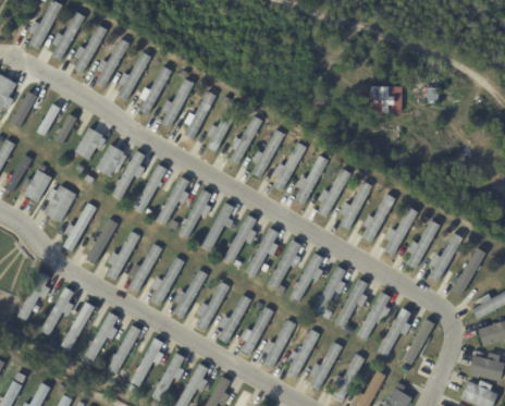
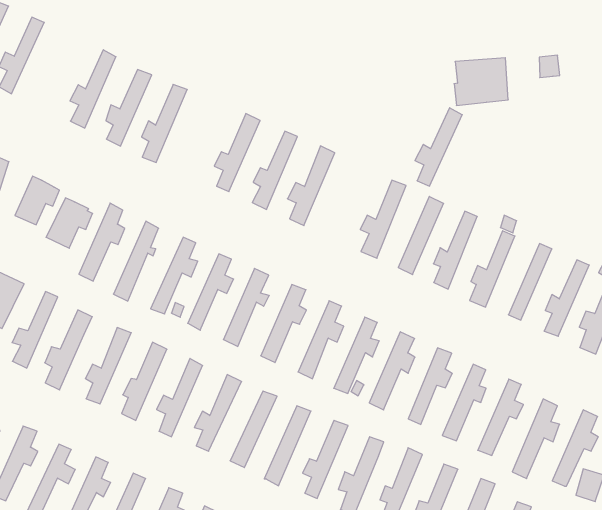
building: [95,38,128,86] -> none
building: [183,90,215,139] -> none
building: [272,142,306,190] -> [415,108,462,186]

